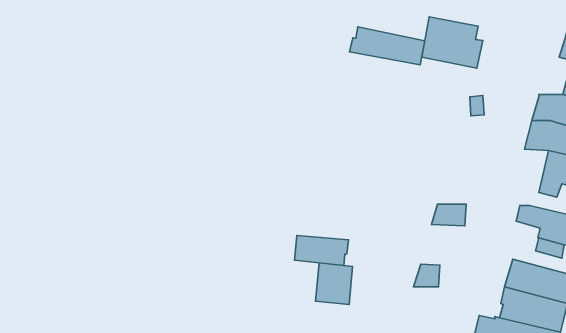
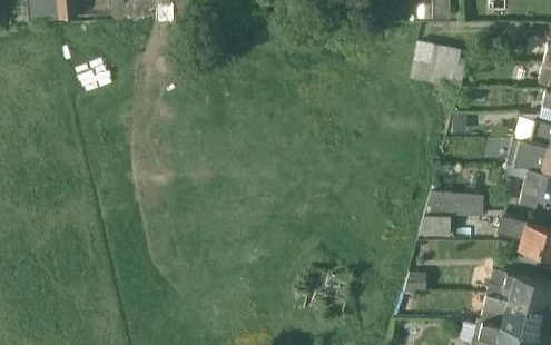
building: [350,27,425,65] -> none
building: none -> [424,190,483,215]
building: [295,236,349,265] -> none

